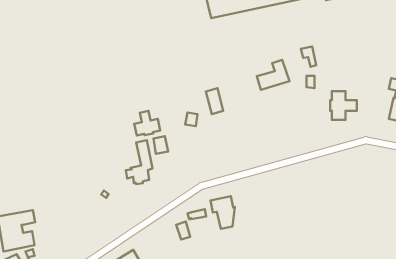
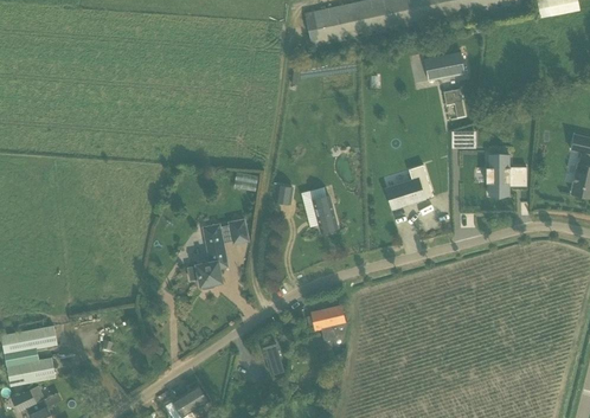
building: none -> [423,51,464,81]
building: [257,60,289,90] -> [385,165,432,208]
building: [206,88,223,114] -> [312,194,336,232]
building: [134,111,160,135] -> none

